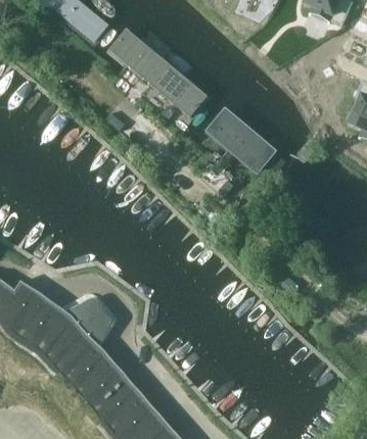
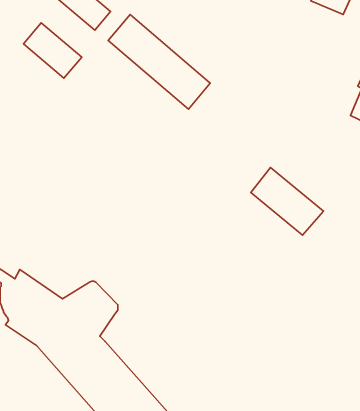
building: none -> [23,23,82,78]
building: [205,105,277,172] -> [251,168,323,235]

